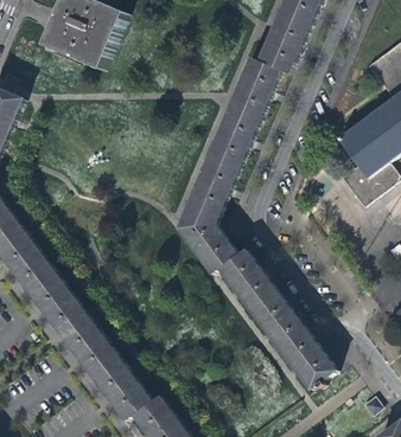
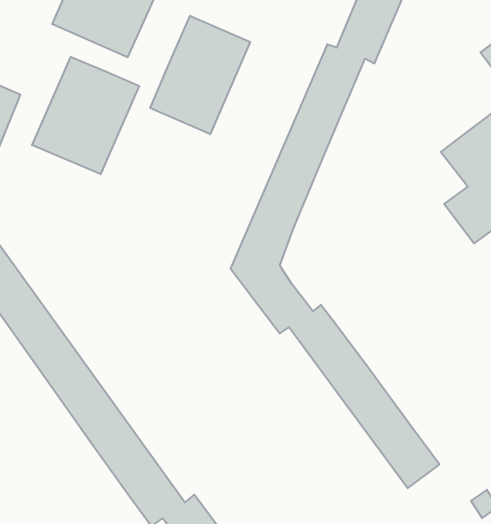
building: none -> [150,16,250,134]
building: none -> [32,57,139,174]

